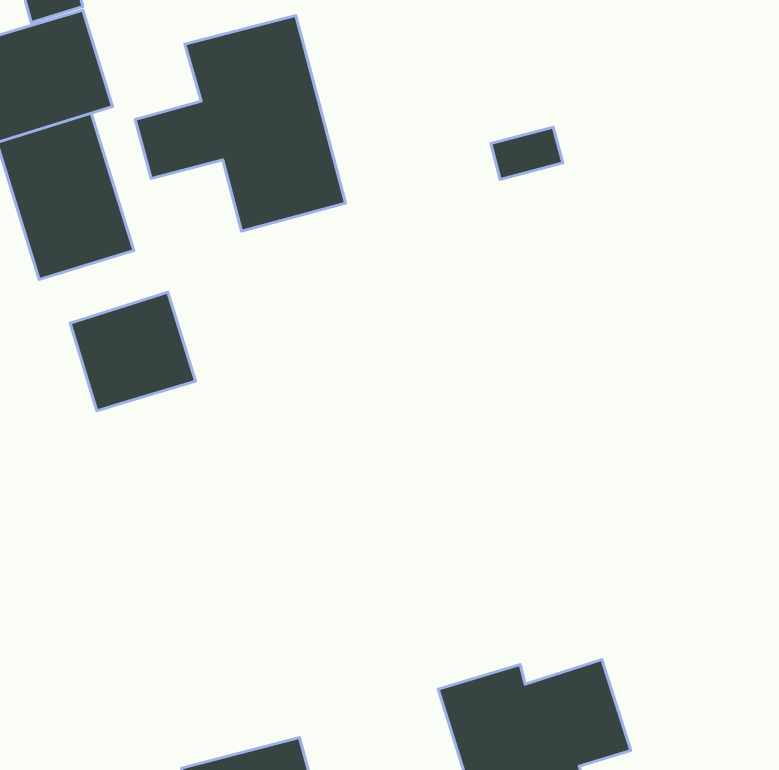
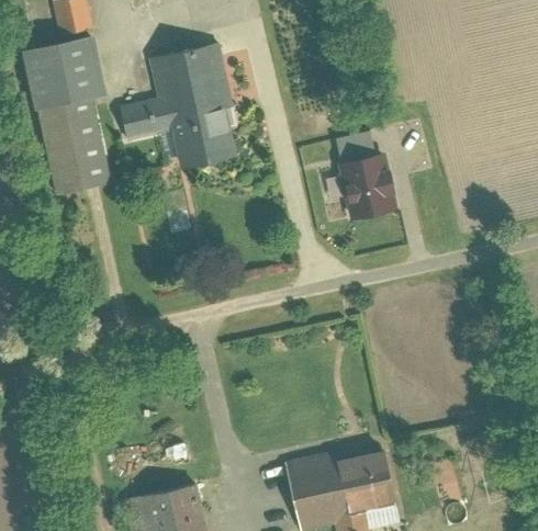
building: none -> [336,151,396,221]
building: [70,292,196,411] -> none

